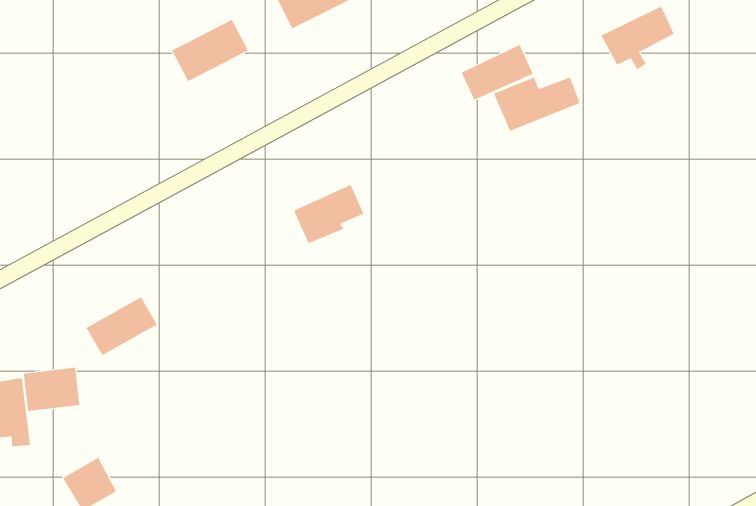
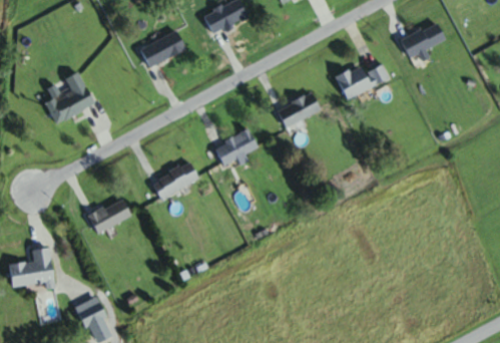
building: [461,44,533,100] -> [277,93,321,127]
building: none -> [46,71,95,123]
building: none -> [152,162,199,199]
building: [23,367,80,412] -> none

